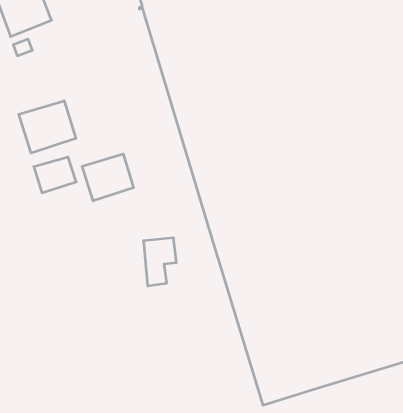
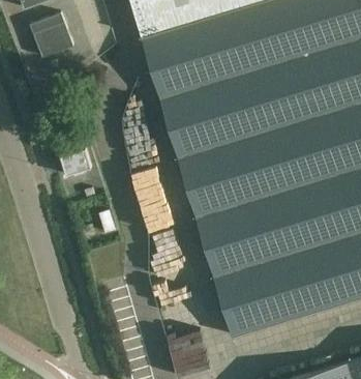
building: [19,101,76,153] -> none
building: [82,154,134,201] -> none

